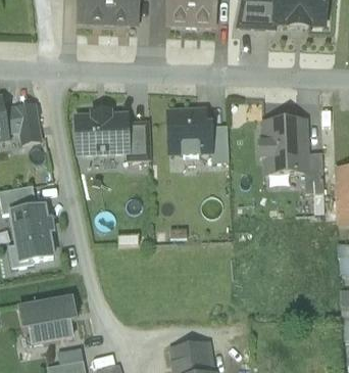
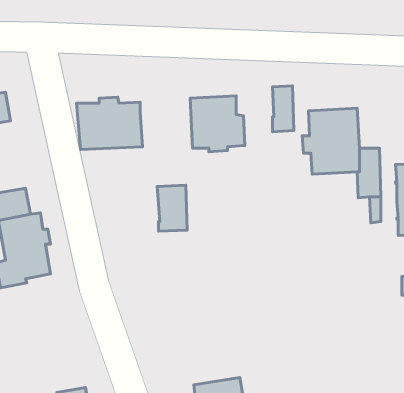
building: [16,104,41,144] -> none
building: [127,123,151,160] -> [157,185,187,231]
building: [211,126,229,164] -> [273,86,294,132]
building: [18,297,74,344] -> none

